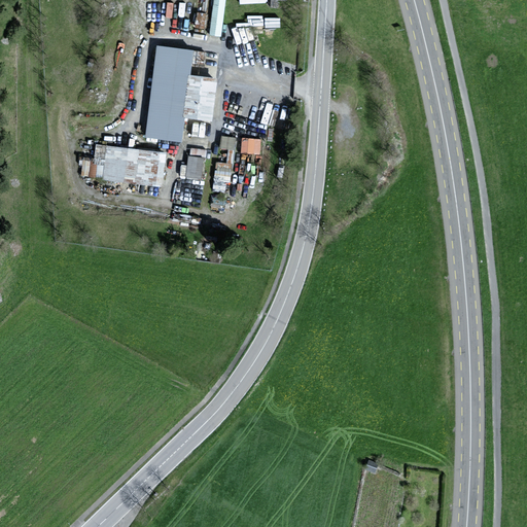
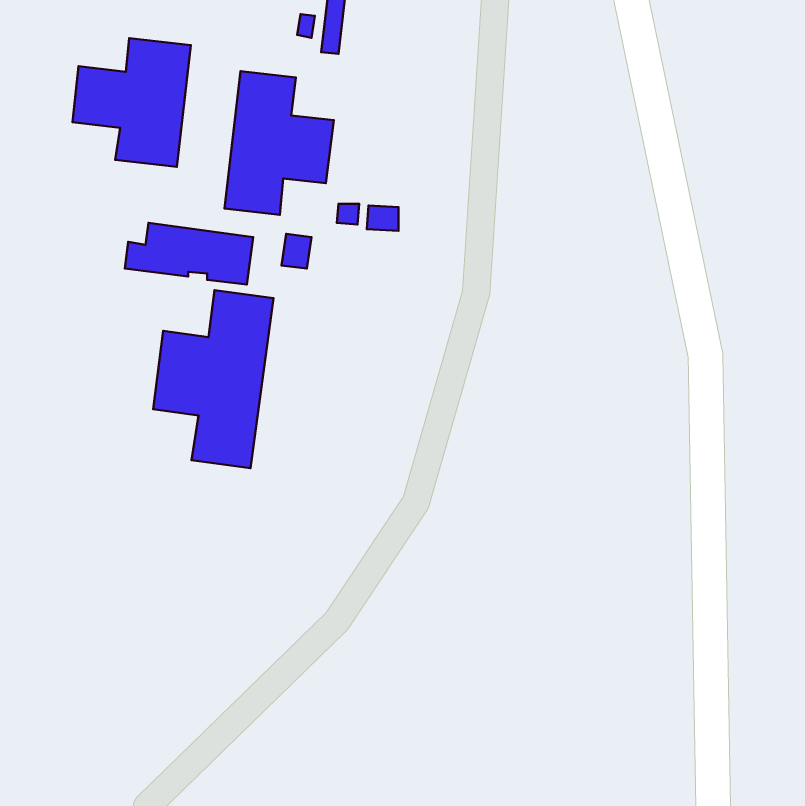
building: none -> [73,38,191,167]
building: none -> [153,290,273,468]

